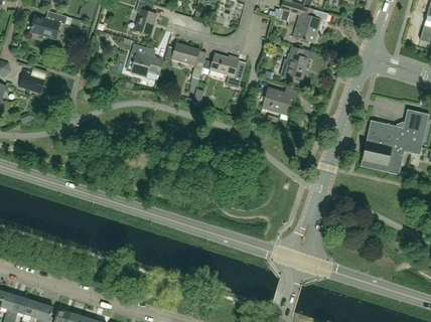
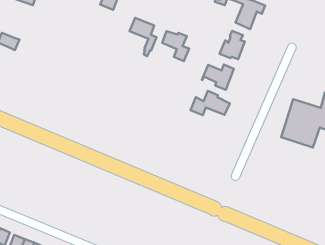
building: [132,43,163,79] -> none
building: none -> [191,91,230,115]

